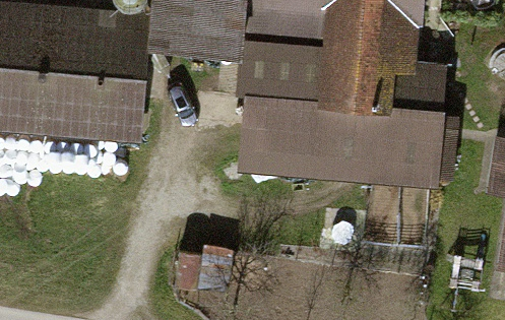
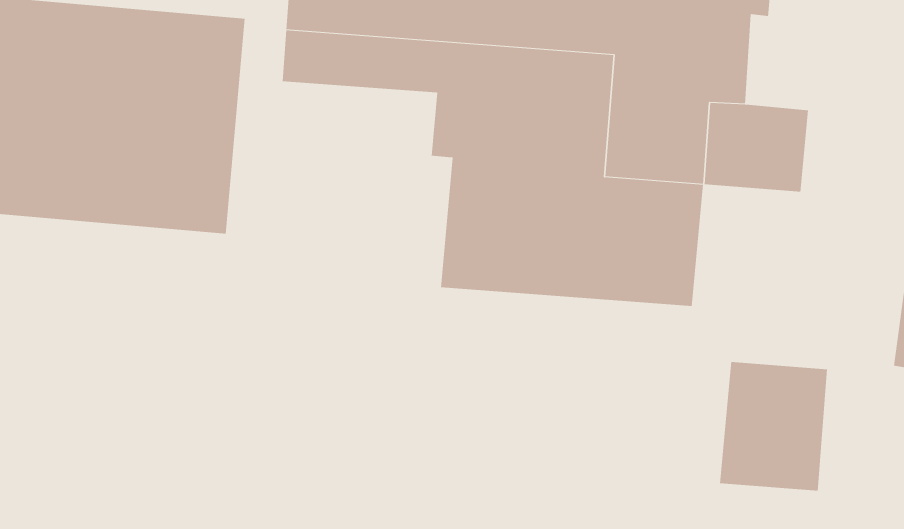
building: [380,116,438,185] -> [719,361,828,491]

